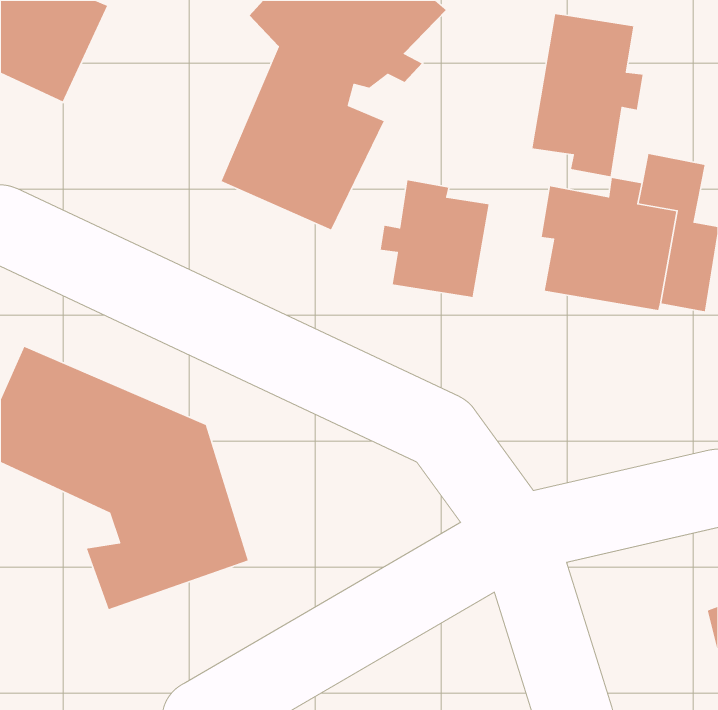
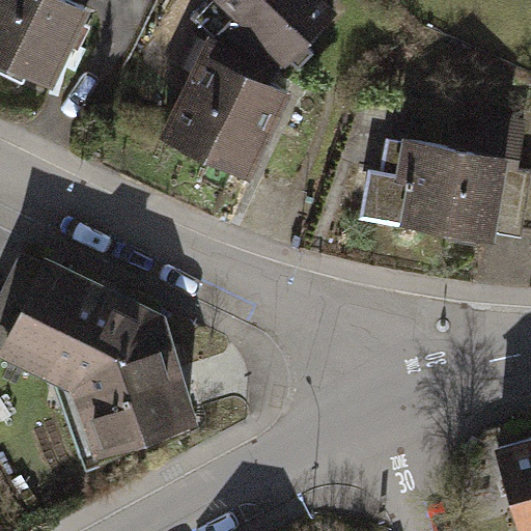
building: [532,14,644,177] -> none
building: [380,180,489,298] -> none

